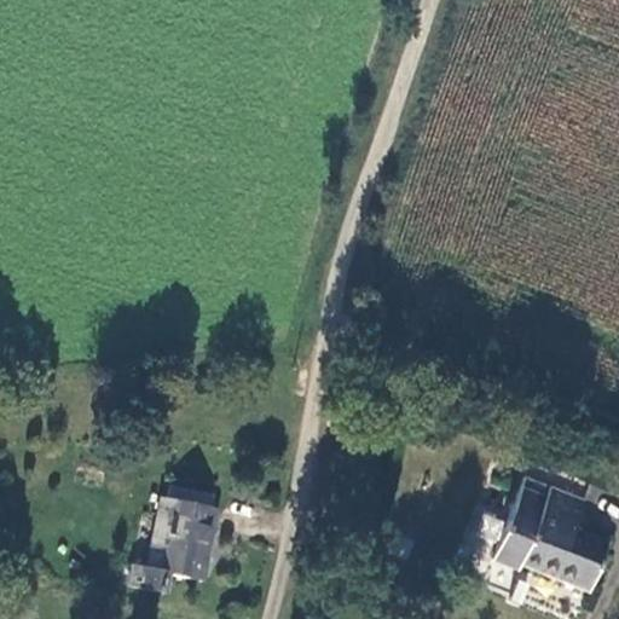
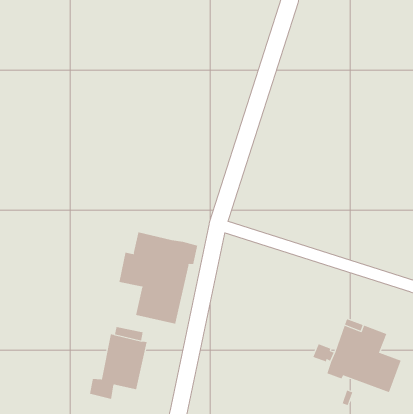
building: none -> [119,231,198,324]

